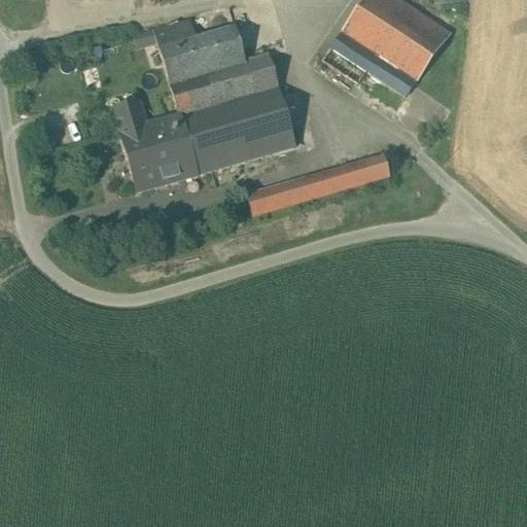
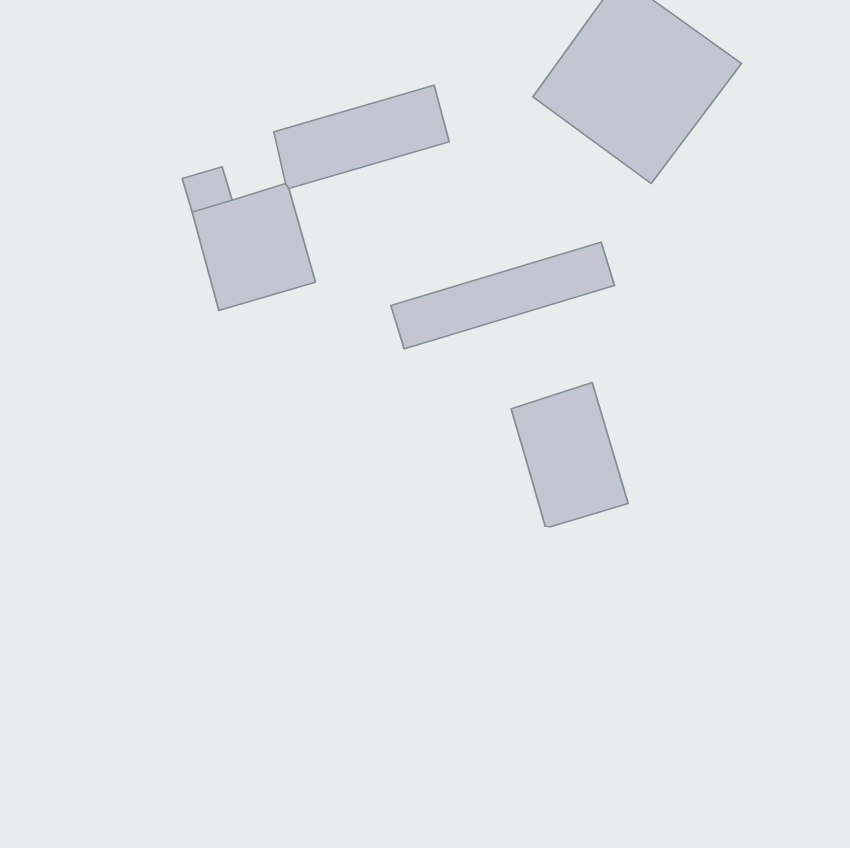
building: [154,7,245,81] -> none
building: [180,87,295,174] -> none
building: none -> [511,382,628,527]

